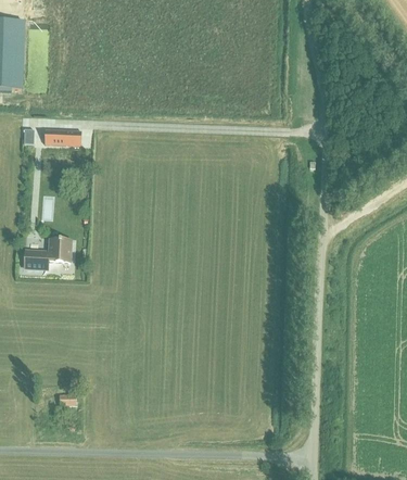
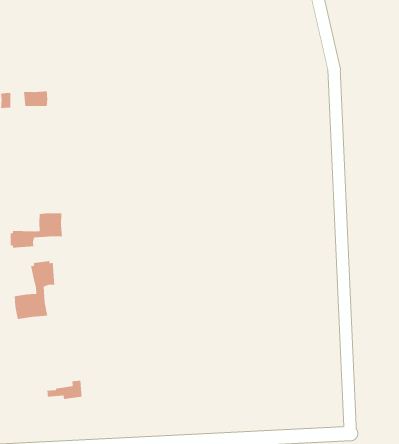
building: none -> [14,260,55,320]

